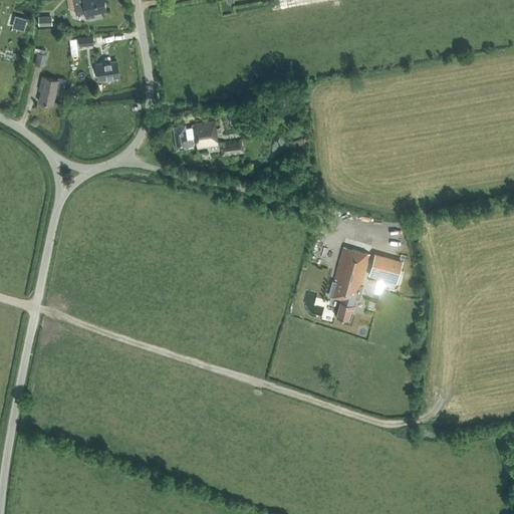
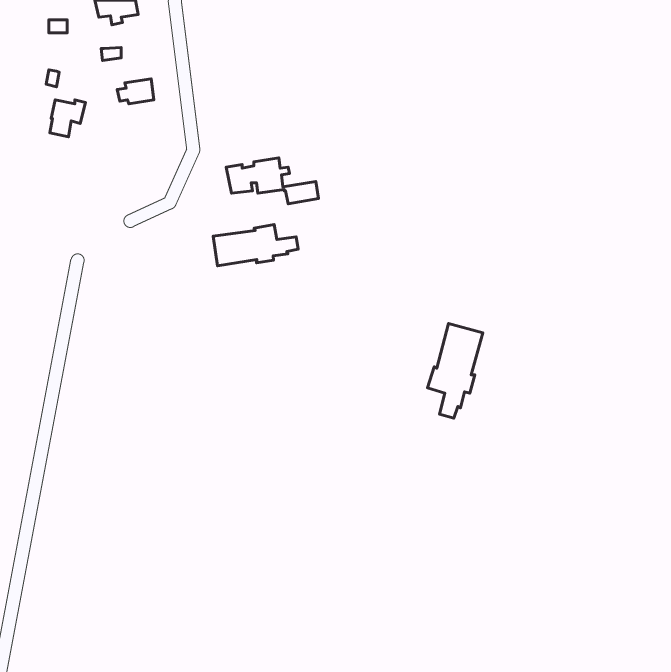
building: none -> [213,225,298,266]
building: [367,255,400,282] -> none

